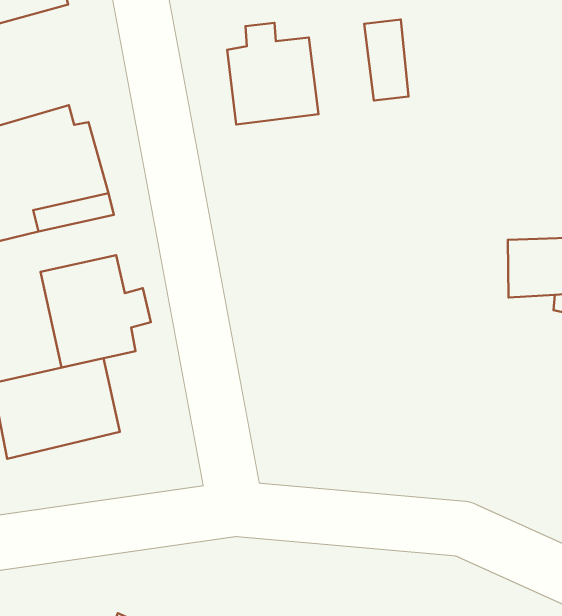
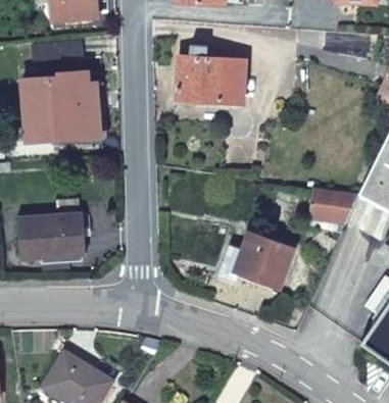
building: [364,19,408,101] -> [224,55,246,99]
building: [40,255,151,368] -> none
building: none -> [220,232,293,285]

